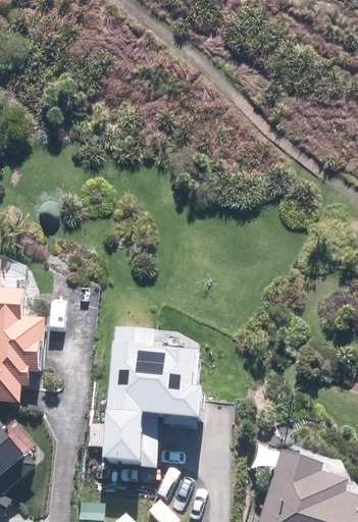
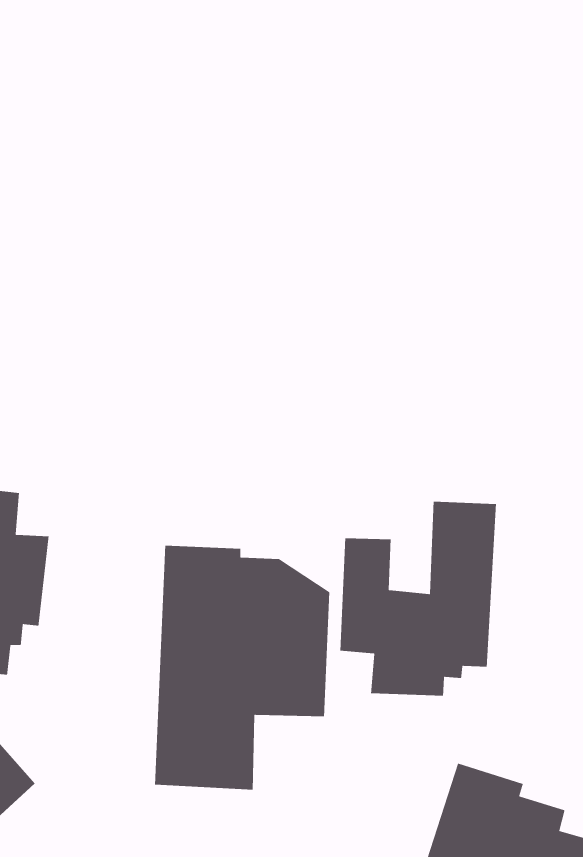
building: none -> [339,501,497,696]

